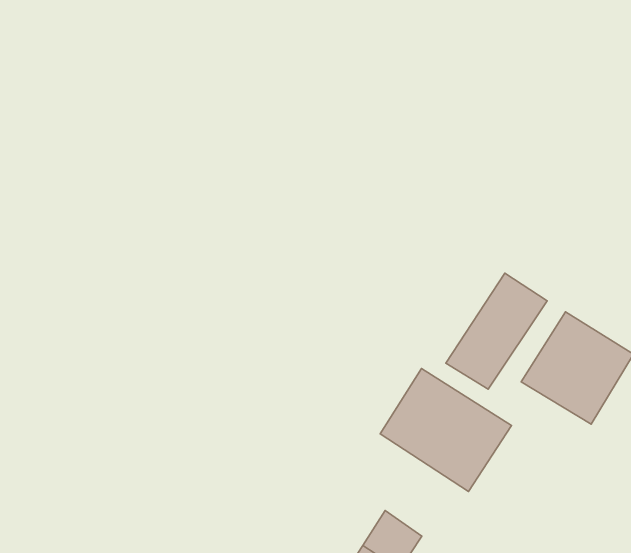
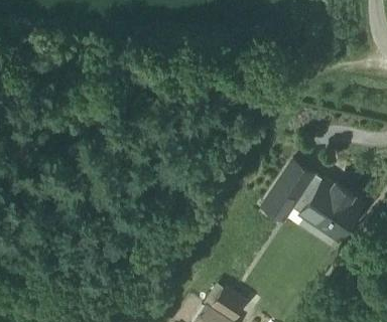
building: [380,368,512,491] -> none

